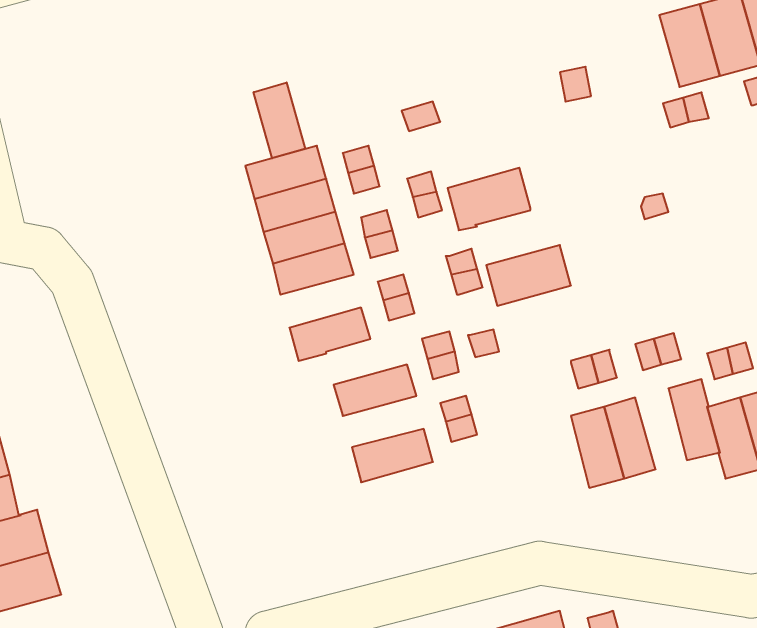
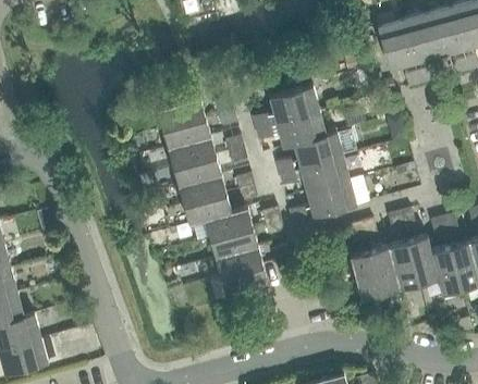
building: none -> [377,20,414,70]
building: [254,82,305,158] -> none
building: none -> [269,86,319,122]
building: none -> [293,131,343,168]
building: none -> [177,173,225,205]
building: none -> [306,179,356,216]
building: none -> [205,207,253,238]
building: none -> [388,240,418,288]
building: none -> [215,245,262,275]

